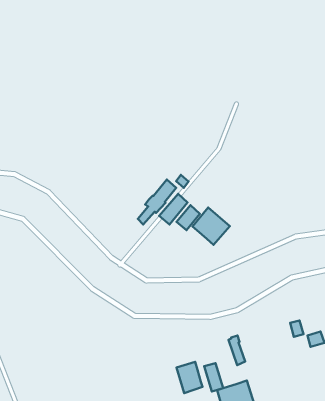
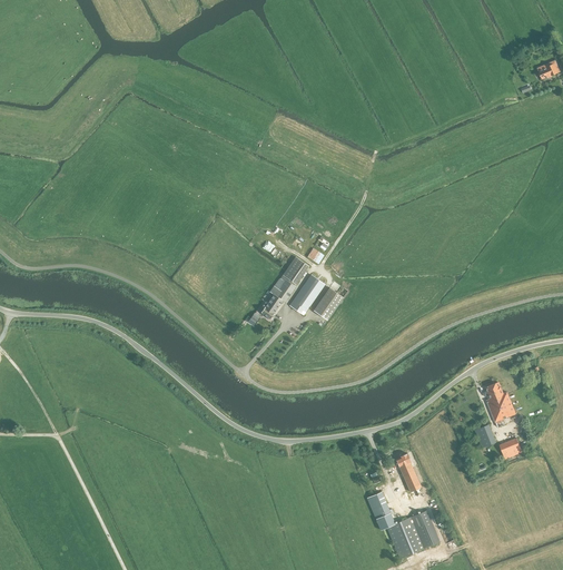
building: [193,207,230,245] -> none
building: none -> [485,382,514,422]
building: [176,362,202,393] -> none

